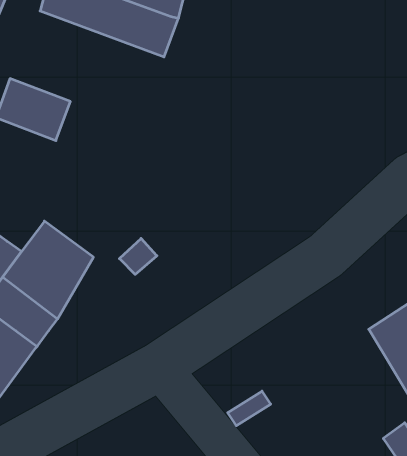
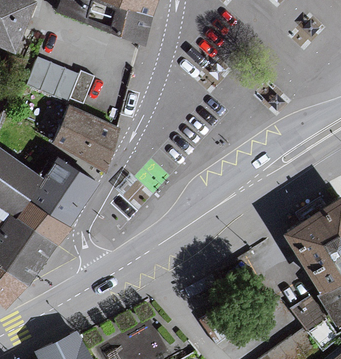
building: none -> [53,106,120,171]

